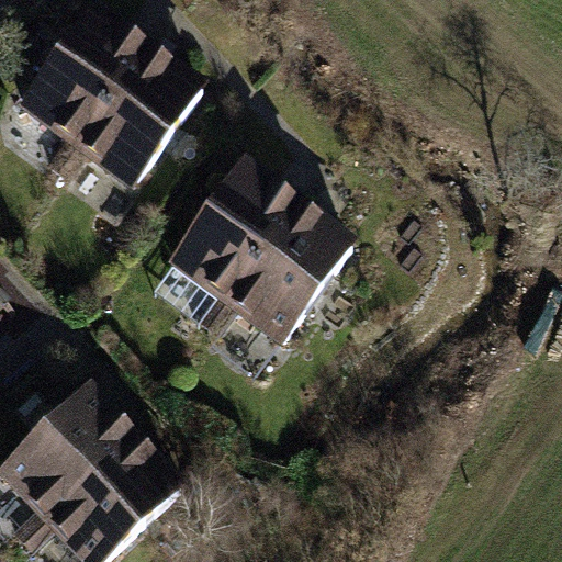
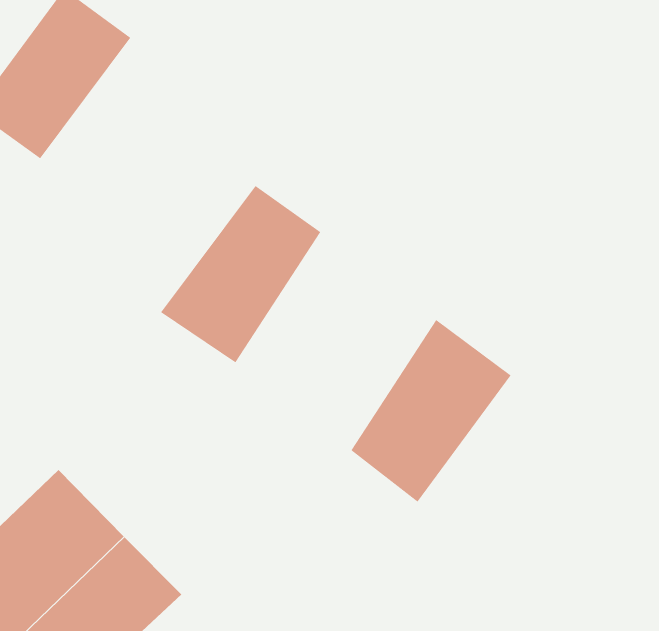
building: [67,44,203,188] -> none
building: [223,199,351,345] -> [351,319,512,502]

